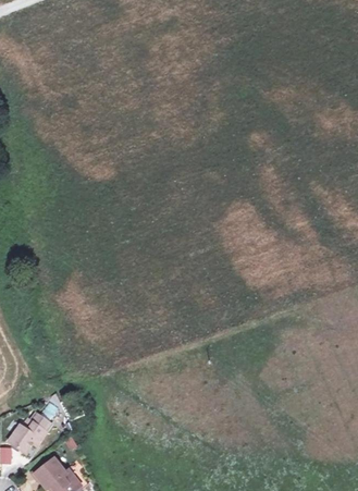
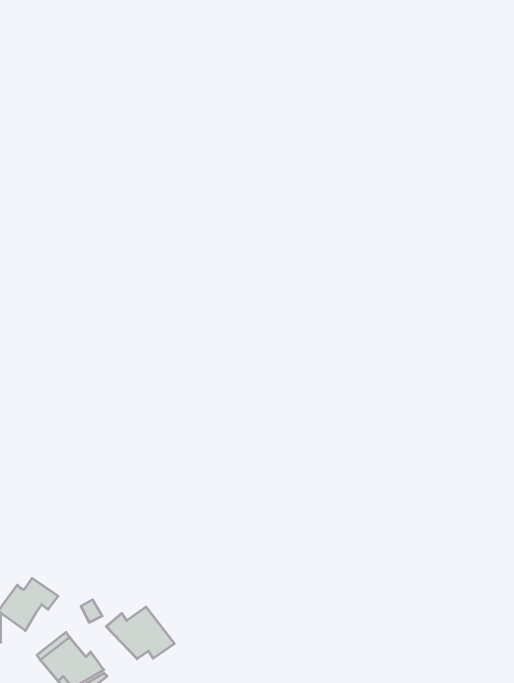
building: none -> [106,607,174,659]

